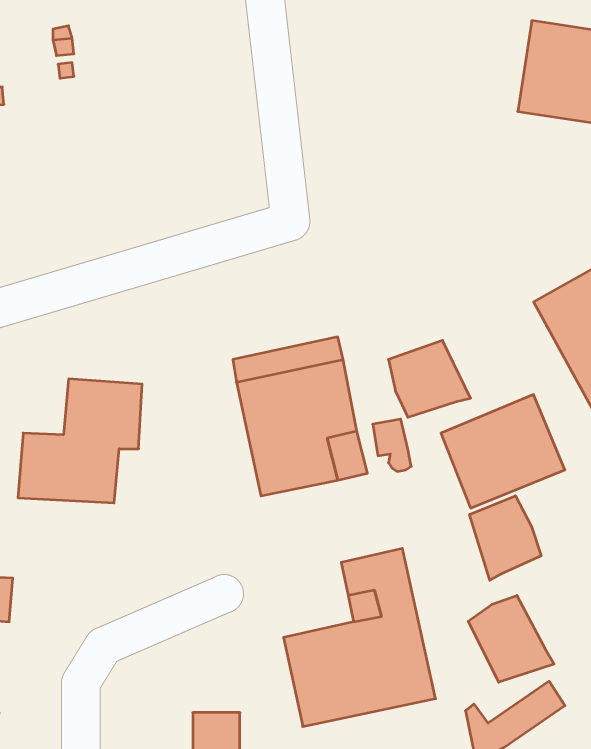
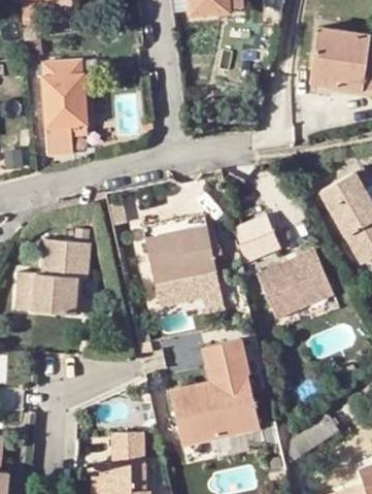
building: none -> [43,60,87,157]
building: [470,496,541,580] -> none
building: [468,595,554,682] -> none

